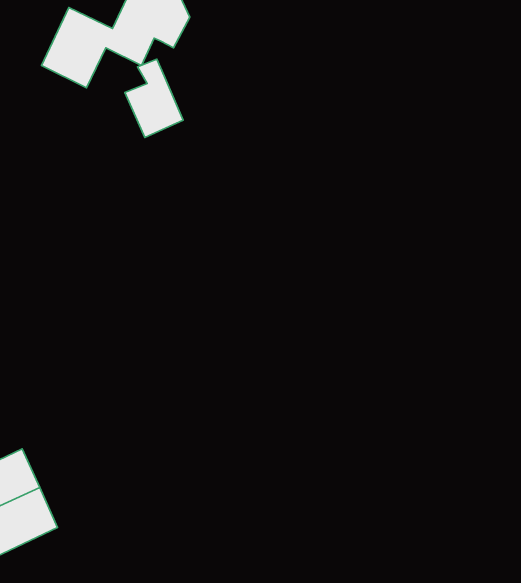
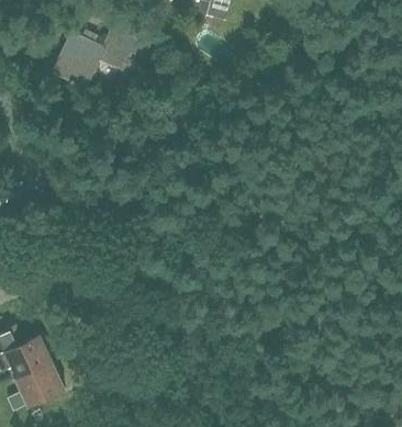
building: [125,59,183,138] -> none

